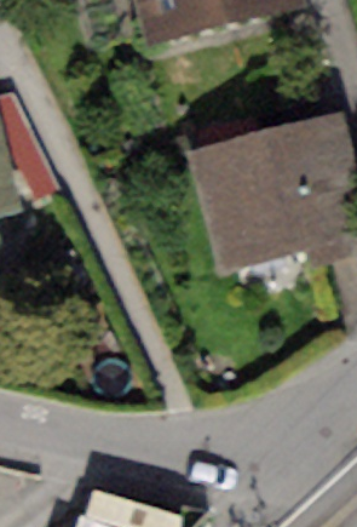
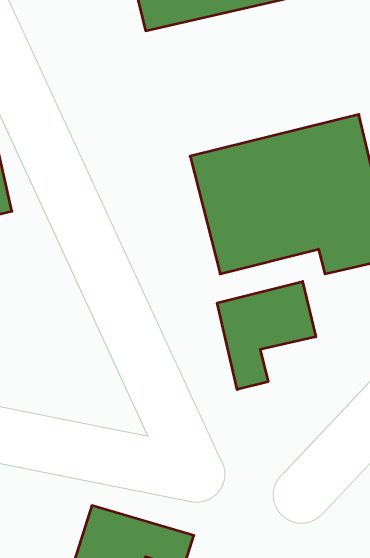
building: none -> [217,281,316,390]

